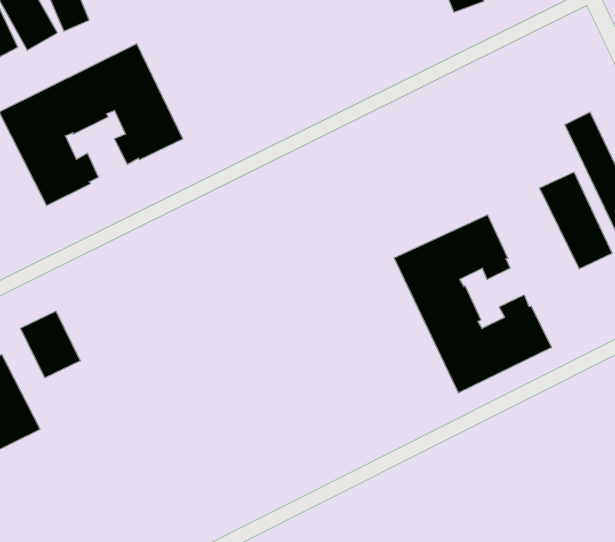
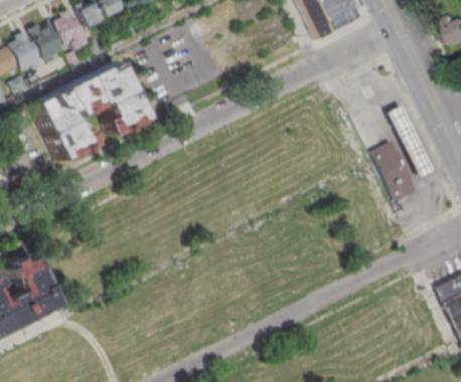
building: [394,215,551,393] -> none
building: [21,311,80,378] -> none

